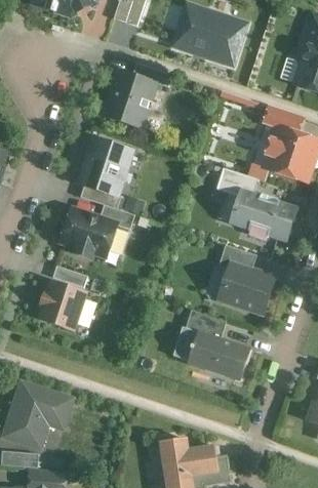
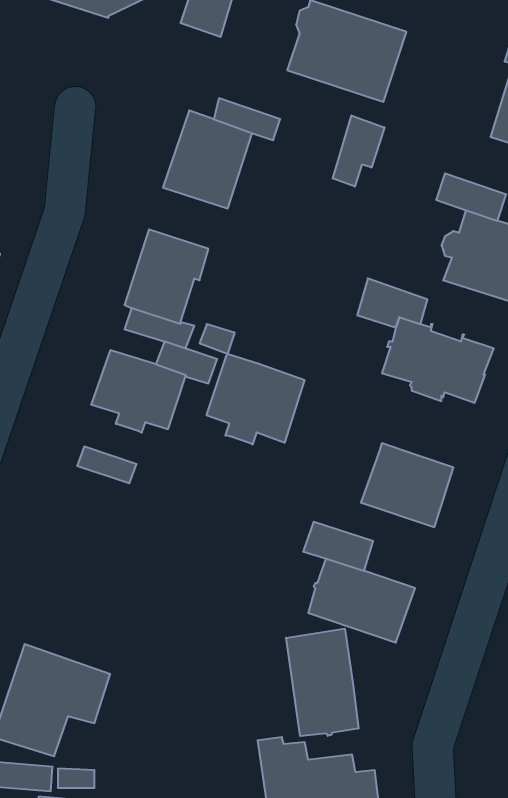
building: none -> [333,115,385,187]
building: none -> [207,354,304,445]
building: [217,244,256,271] -> none
building: [39,281,85,329] -> none
building: none -> [286,629,358,736]

